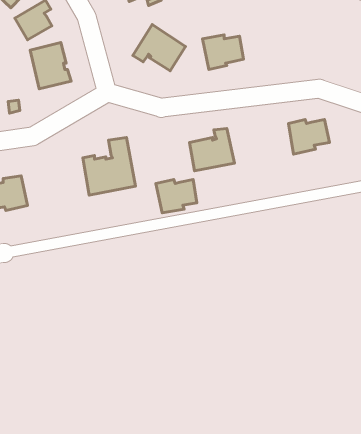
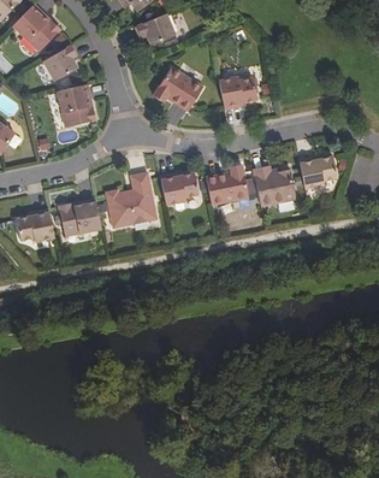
building: none -> [253,165,295,205]
building: none -> [58,197,100,235]
building: [156,180,197,213] -> [159,172,197,203]

